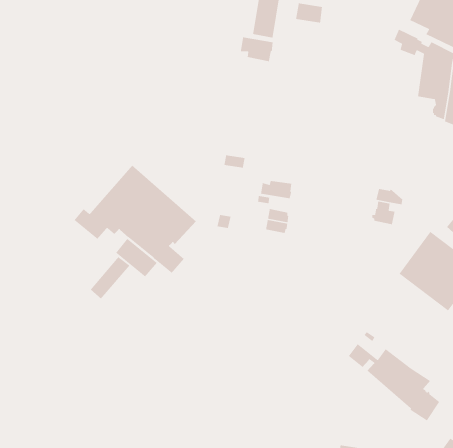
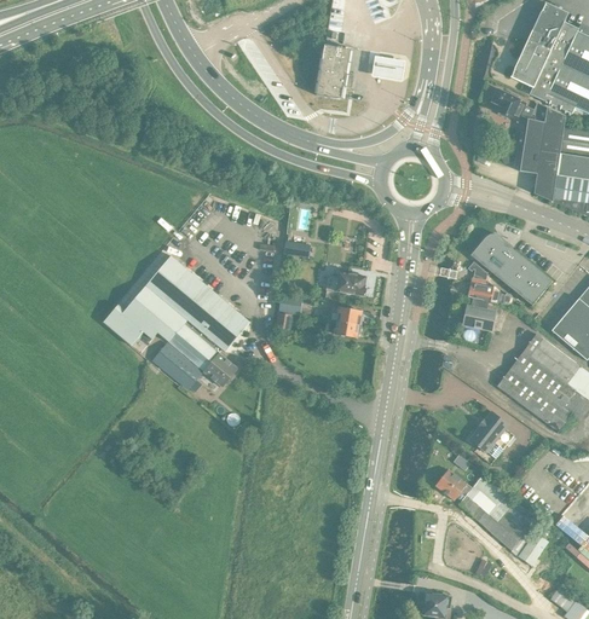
building: [240,37,274,62] -> none
building: none -> [472,235,553,306]
building: [90,256,131,299] -> none
building: none -> [470,412,514,464]

